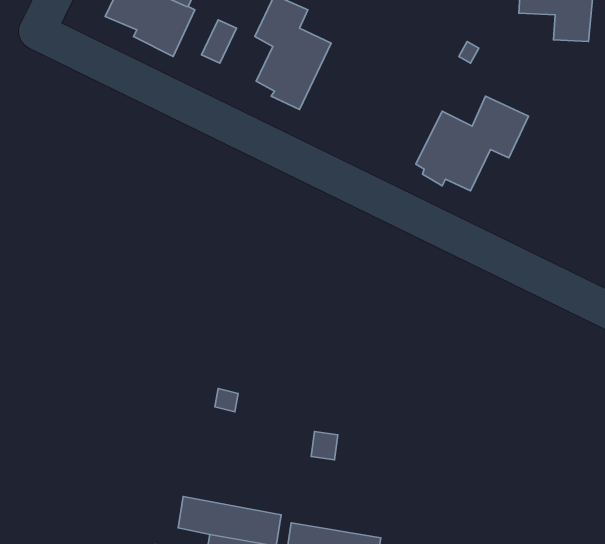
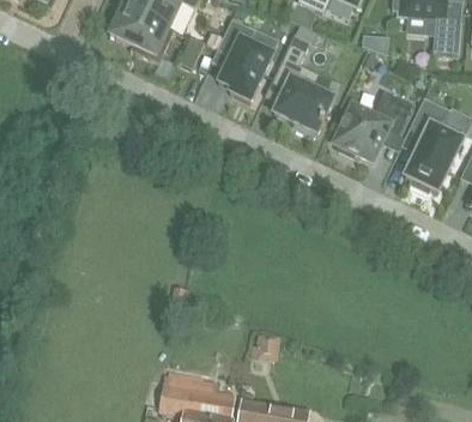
building: none -> [271,34,333,137]
building: none -> [405,96,461,192]

